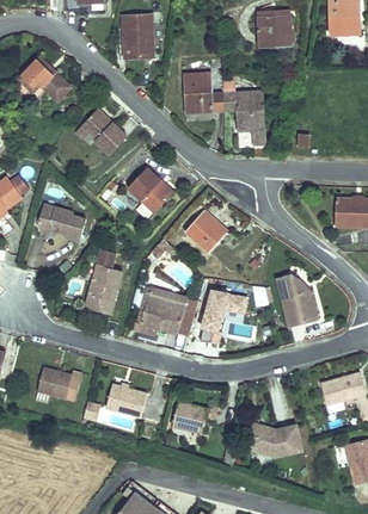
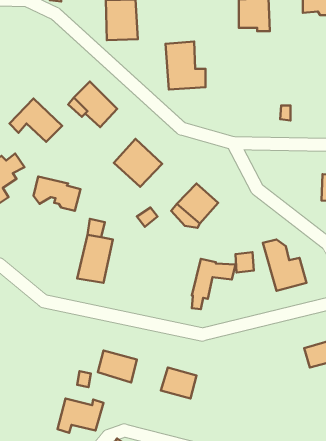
building: [13,50,68,95] -> [9,98,62,142]
building: [219,76,265,143] -> none
building: [146,285,190,330] -> none
building: [37,369,85,404] -> [58,398,103,433]
building: [246,419,300,456] -> none

